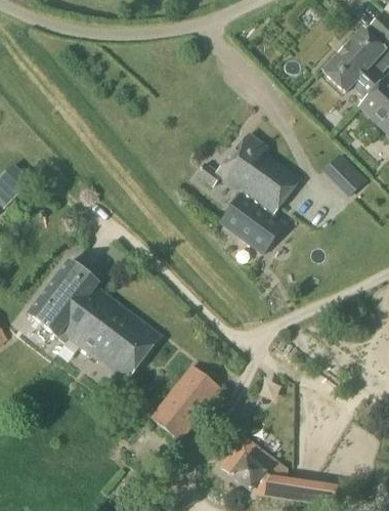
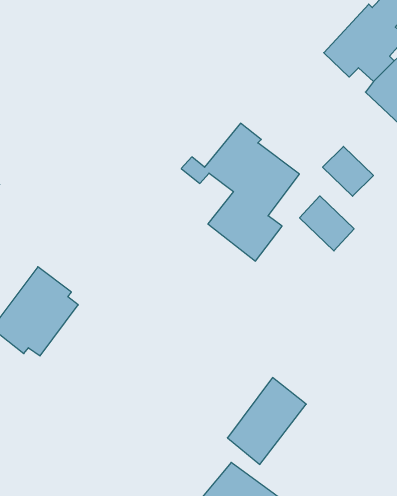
building: none -> [300,196,354,251]
building: [71,293,161,380] -> none
building: [150,366,220,442] -> [227,378,306,464]

